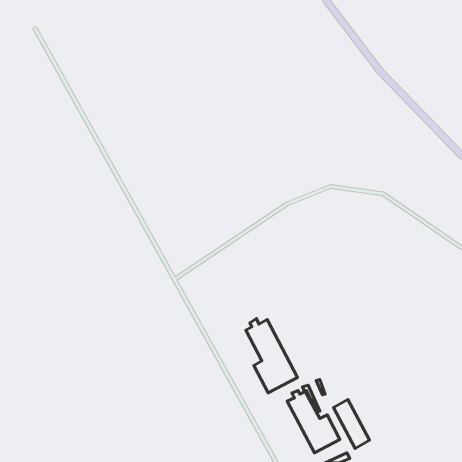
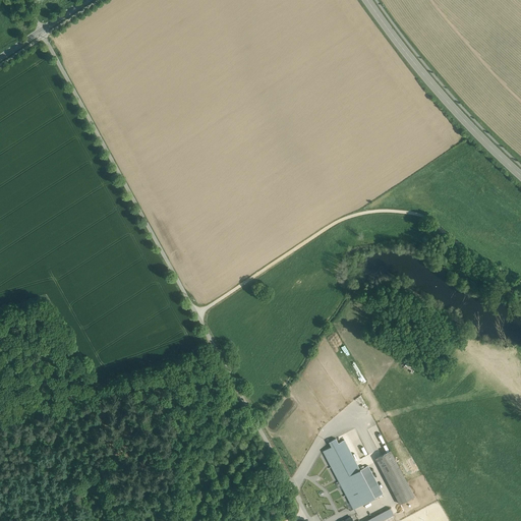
building: [246,319,298,393] -> none

